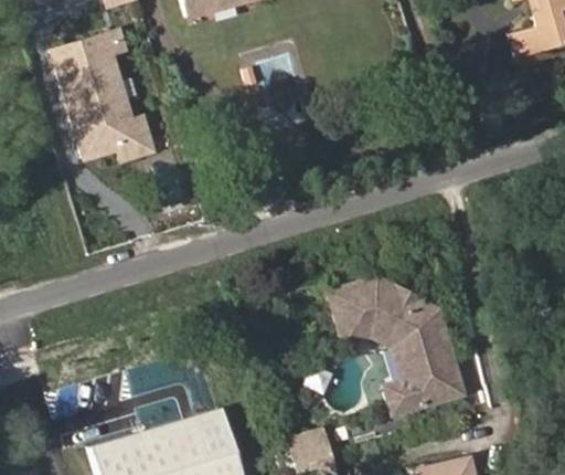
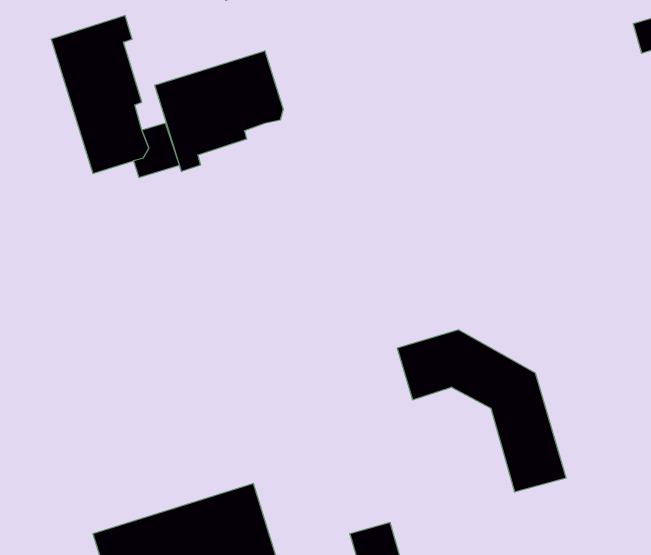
building: none -> [155,51,283,172]
building: [341,324,422,414] -> none

